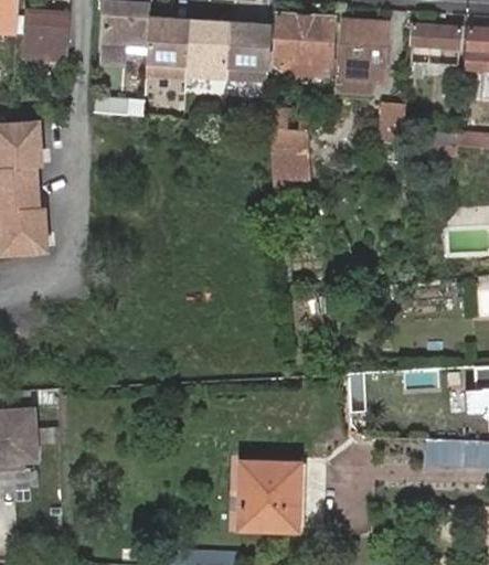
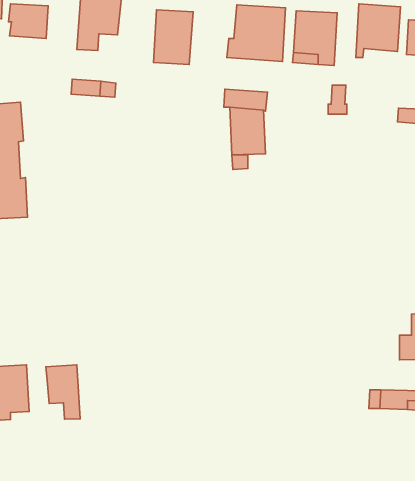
building: [145,15,189,77] -> none
building: [225,21,270,83] -> none
building: none -> [46,365,80,419]
building: [237,463,298,531] -> none

